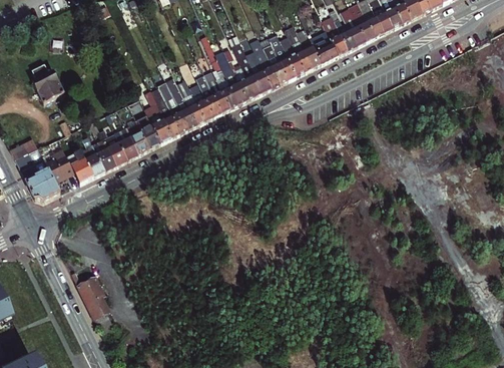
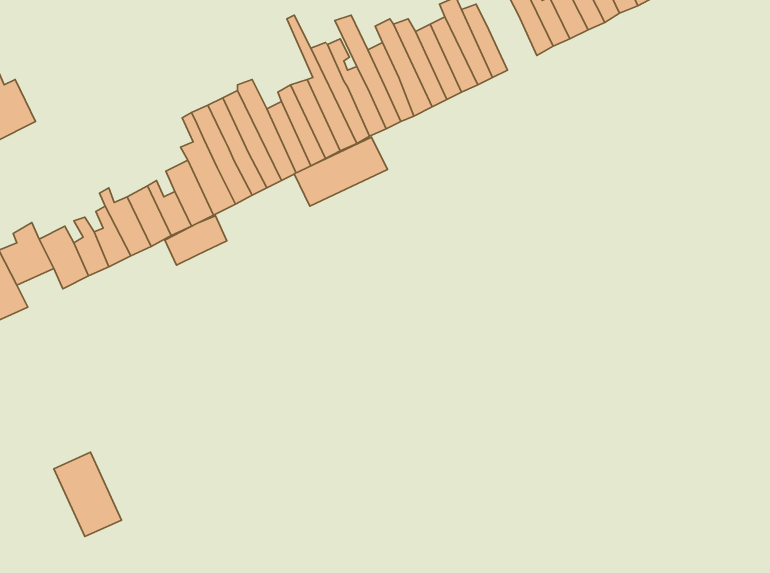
building: [313,35,339,65] -> none
building: none -> [294,137,387,206]
building: none -> [165,216,227,265]

